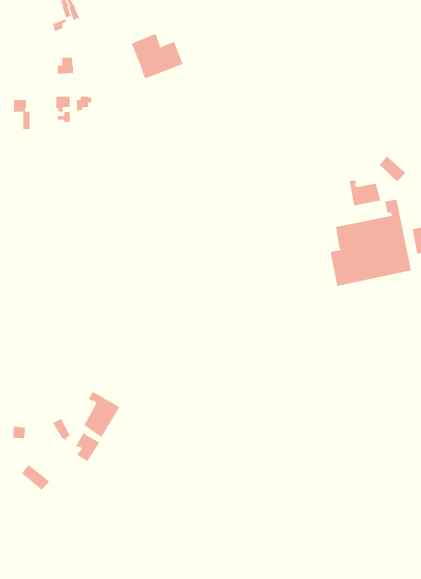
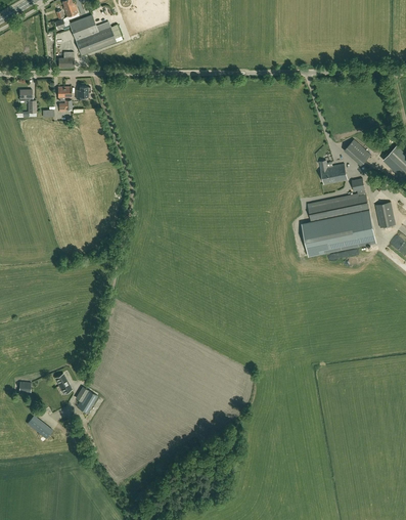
building: [131,33,184,79] -> [69,14,116,55]
building: [83,391,120,438] -> none

